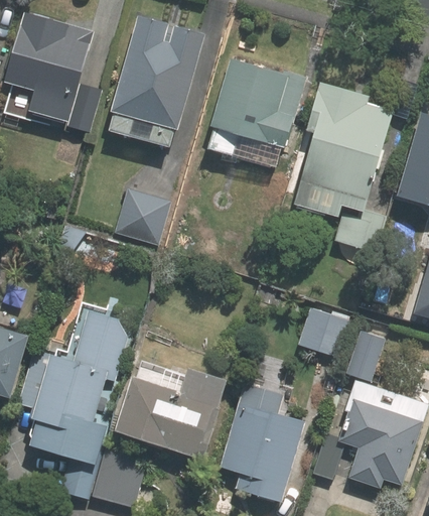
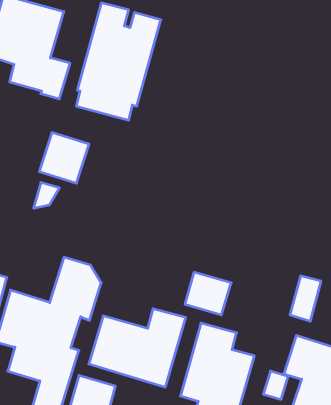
building: [209,59,306,155] -> none
building: [300,85,388,250] -> none
building: [112,182,168,240] -> [39,133,89,183]
building: [297,309,349,358] -> [185,272,231,315]

